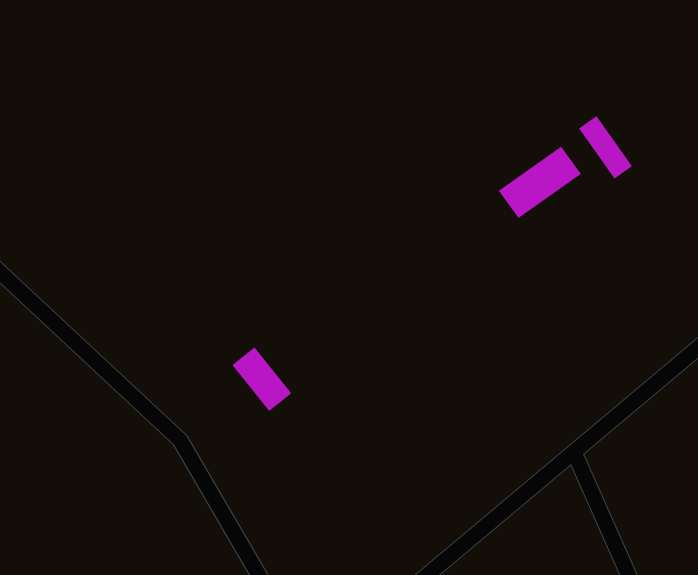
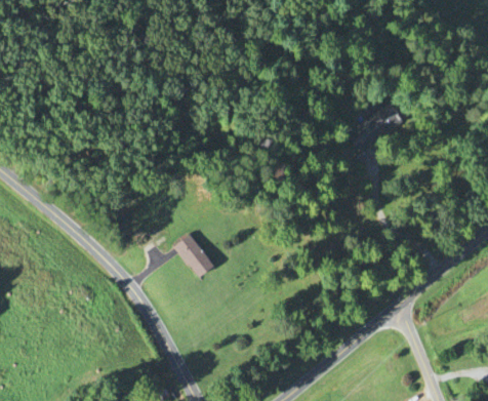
building: [578,115,633,180] -> none

